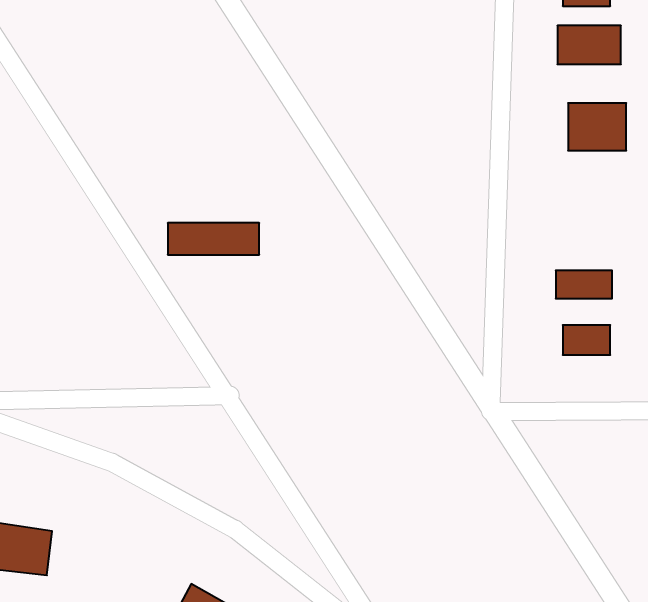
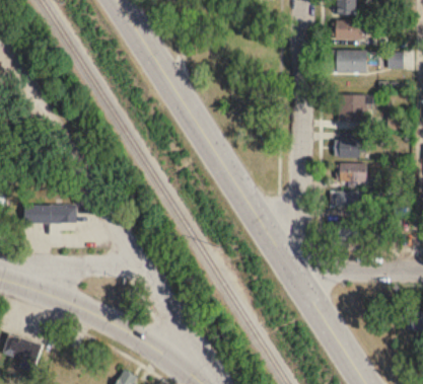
building: none -> [337,139,367,158]
building: none -> [337,163,367,182]
building: [168,223,259,255] -> [23,206,76,224]

